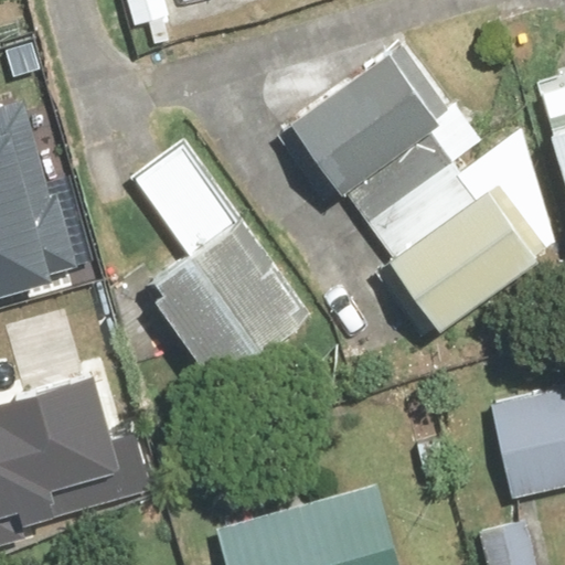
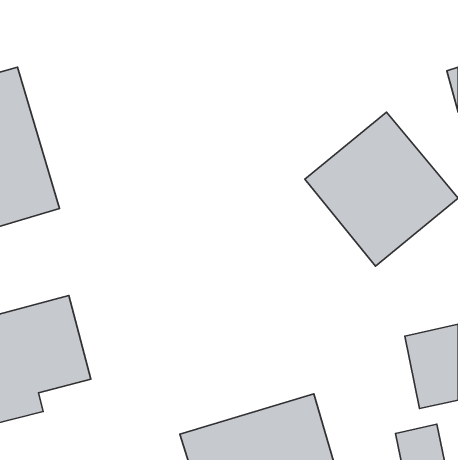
building: [299,46,452,191] -> none
building: [129,145,321,392] -> none

